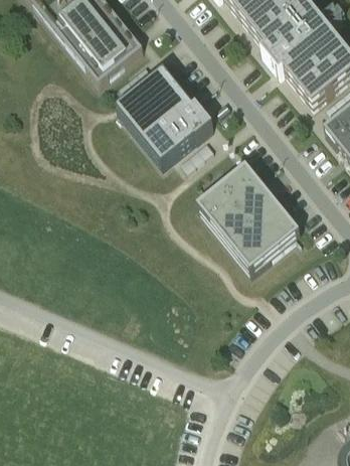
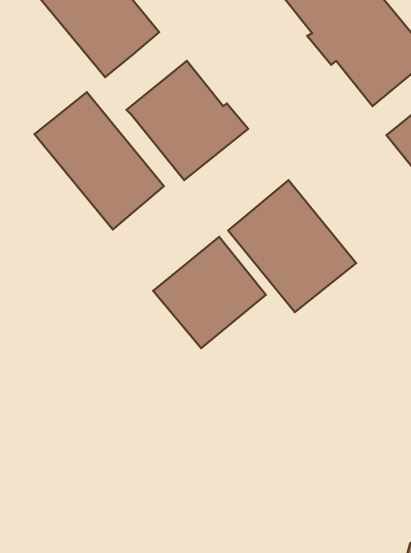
building: none -> [35,92,164,230]
building: none -> [153,237,266,348]

